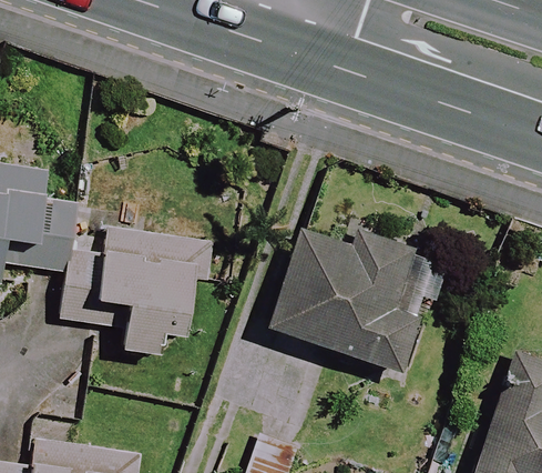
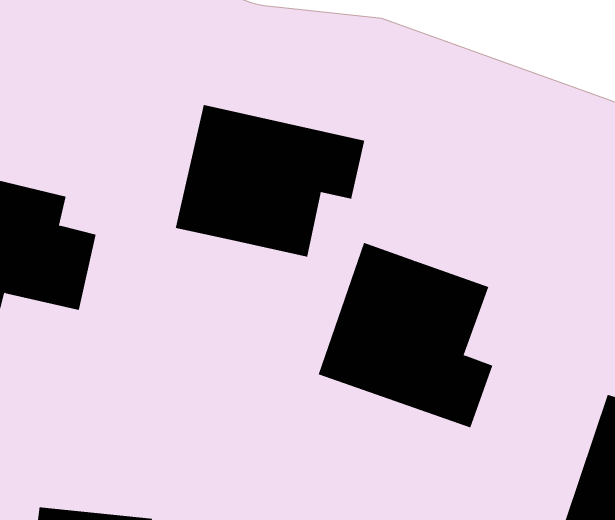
building: none -> [175,104,365,258]
building: [68,220,207,356] -> none

